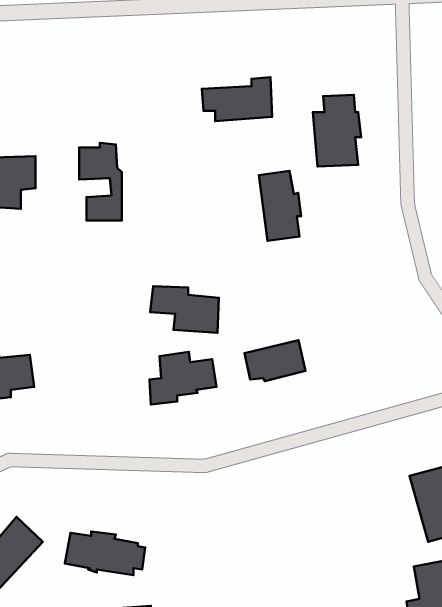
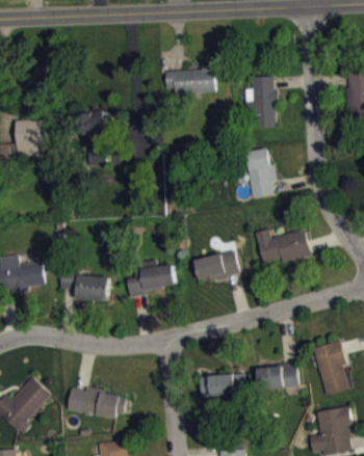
building: [259,171,301,241] -> [244,149,275,198]
building: [150,286,219,333] -> [59,269,108,302]
building: none -> [255,229,311,263]
building: none -> [257,363,298,391]
building: none -> [199,372,245,398]

